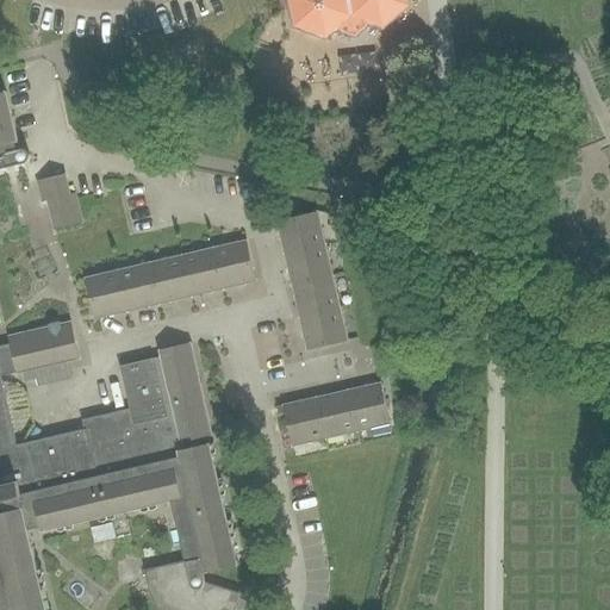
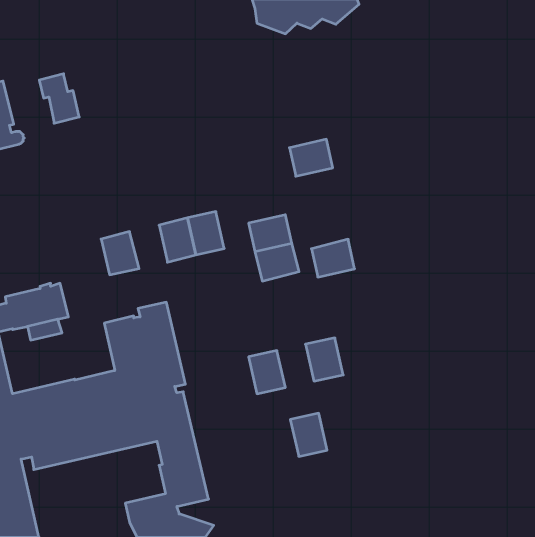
building: [35,174,80,230] -> [39,74,79,123]
building: [274,211,323,253] -> [289,139,333,176]
building: [147,255,189,304] -> none
building: [82,270,124,319] -> none
building: [297,307,346,350] -> [311,239,355,277]
building: [313,390,355,438] -> [290,413,327,456]

